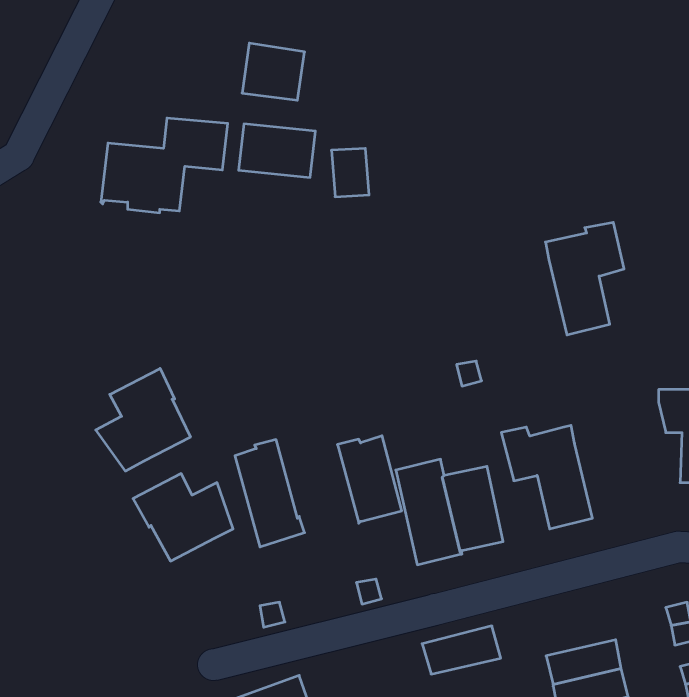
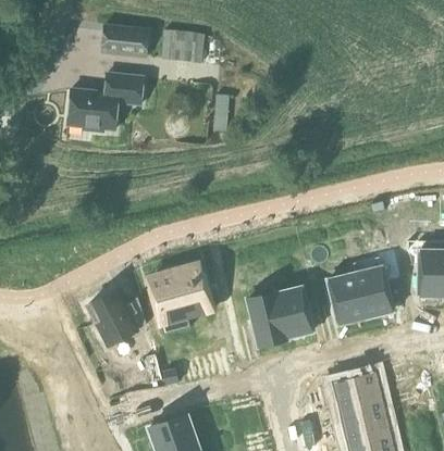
building: [239,124,315,177] -> [102,26,149,59]
building: [545,222,624,335] -> [354,250,402,318]
building: [96,368,190,471] -> none
building: [337,436,402,523] -> [174,265,213,318]
building: [422,626,501,674] -> [333,373,381,402]

